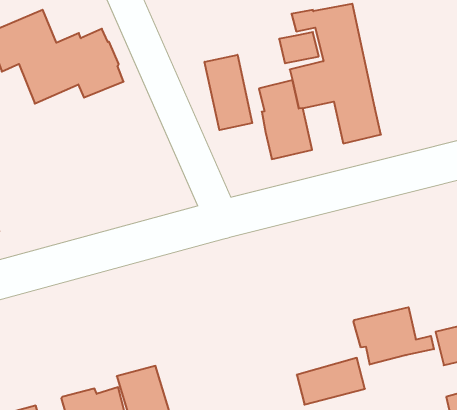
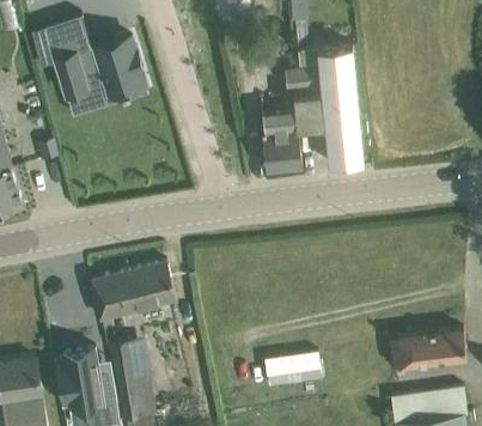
building: [205,55,252,130] -> none
building: none -> [91,262,176,318]
building: [354,307,434,365] -> none

